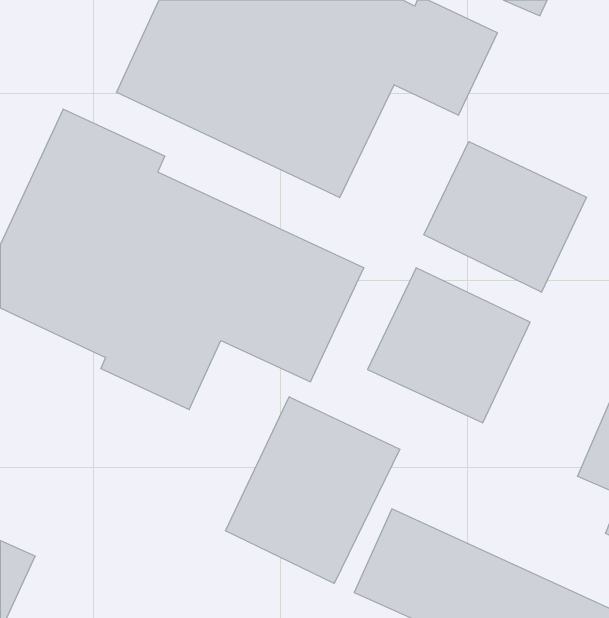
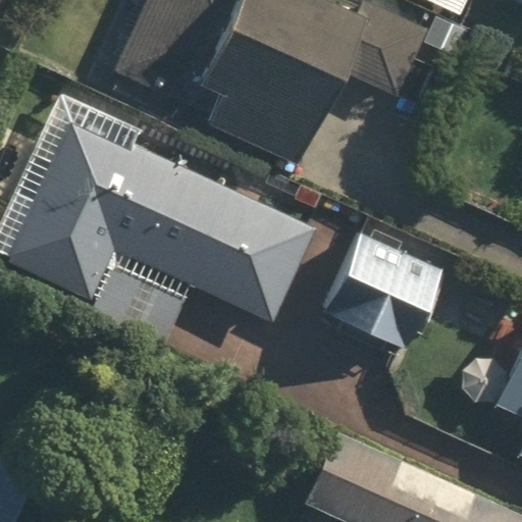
building: [424,142,587,292] -> none
building: [226,397,400,583] -> none

